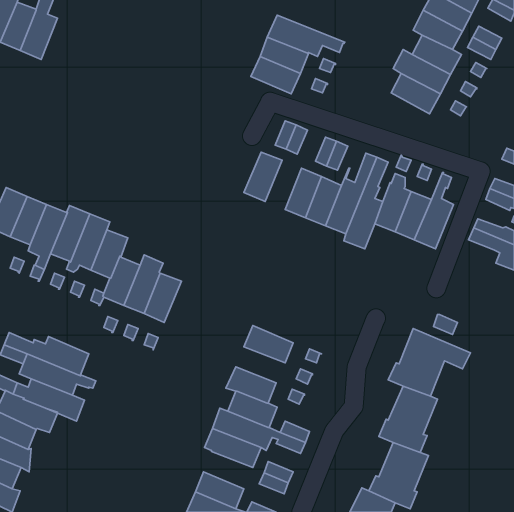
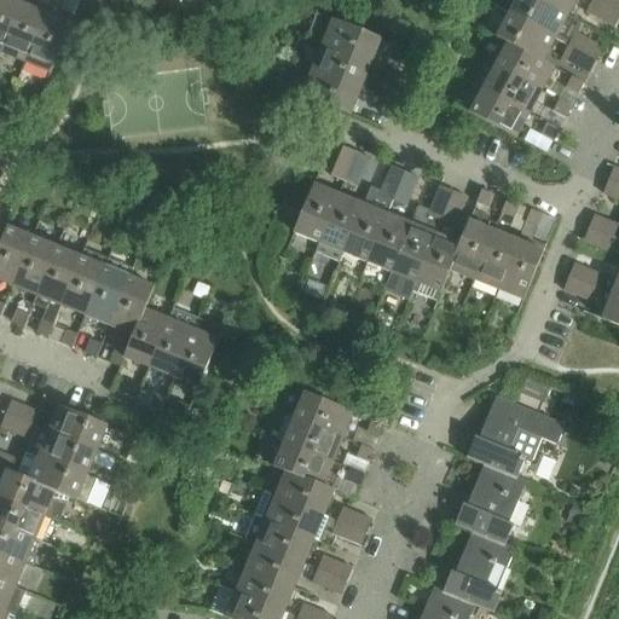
building: none -> [316,192,361,260]
building: none -> [277,413,342,459]
building: none -> [244,542,303,586]

